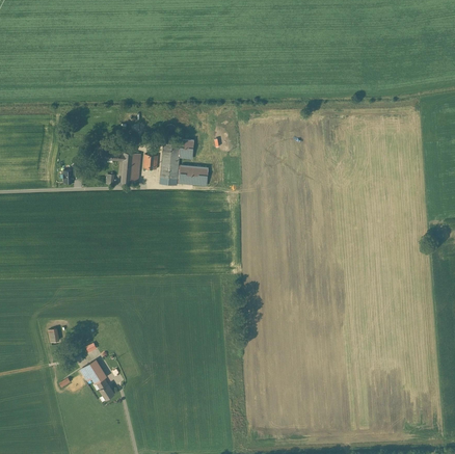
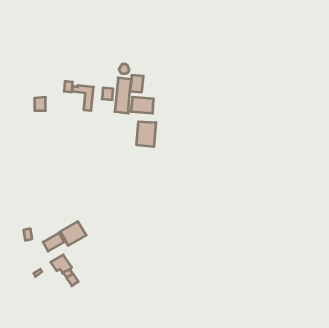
building: none -> [137,122,156,147]
building: none -> [60,221,86,246]

